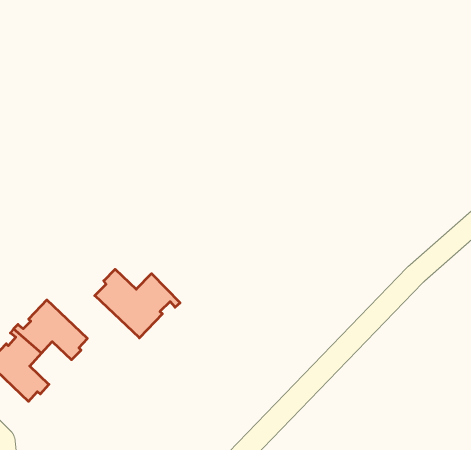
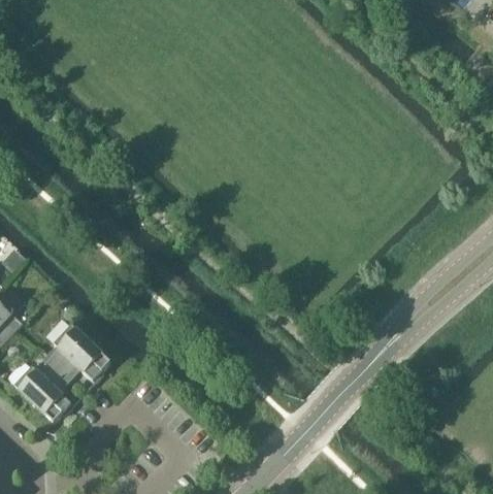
building: [95,269,180,338] -> none

